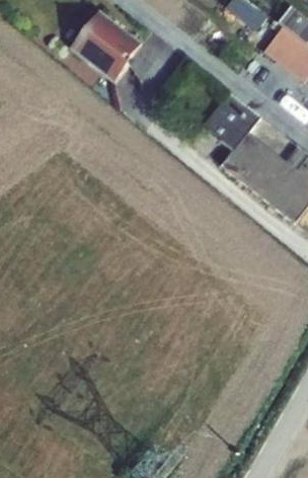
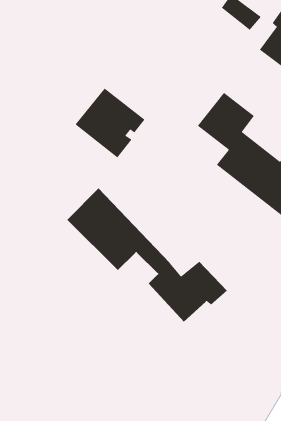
building: [68,11,140,83] -> [74,88,145,159]
building: none -> [67,187,228,322]

